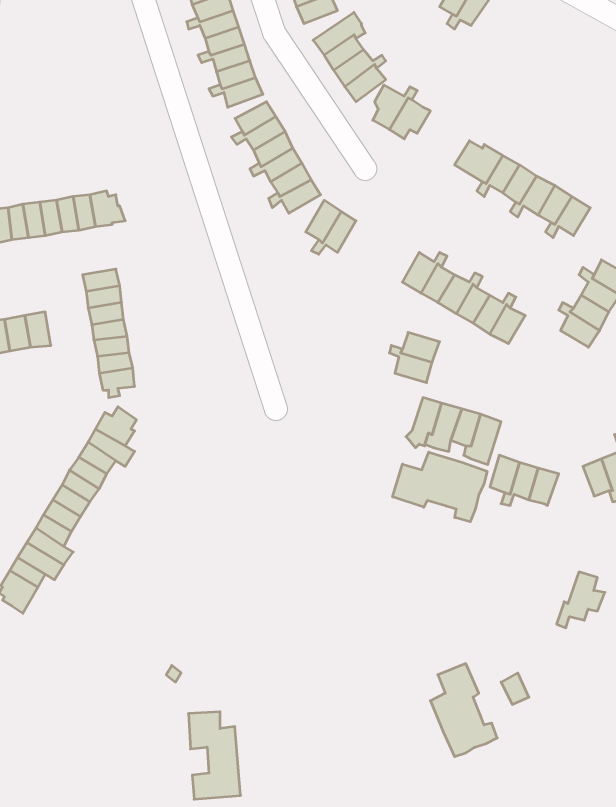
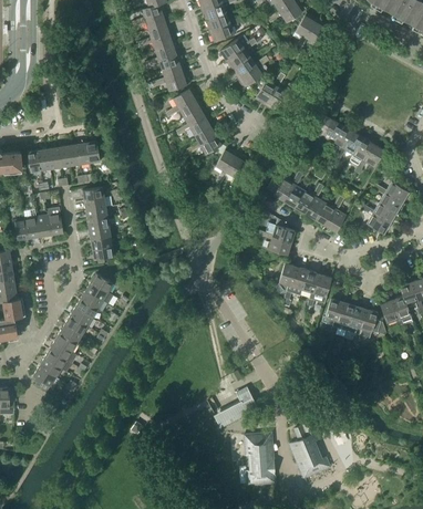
building: [393,452,487,522] -> none
building: [557,572,605,628] -> [352,310,381,343]
building: none -> [220,388,257,425]
building: [188,712,241,799] -> [244,434,275,486]

